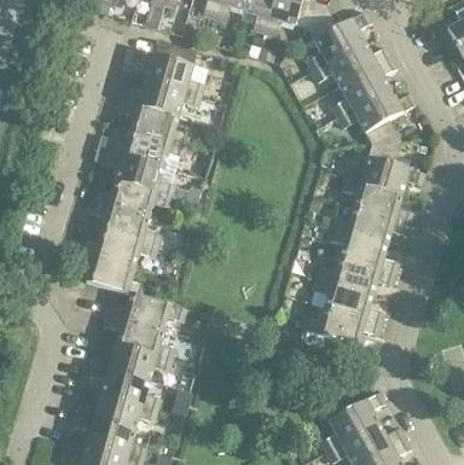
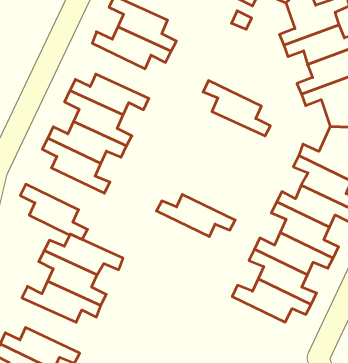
building: [117,99,190,145] -> [203,81,270,136]
building: [77,229,157,267] -> [156,194,235,237]
building: [88,364,161,409] -> none

